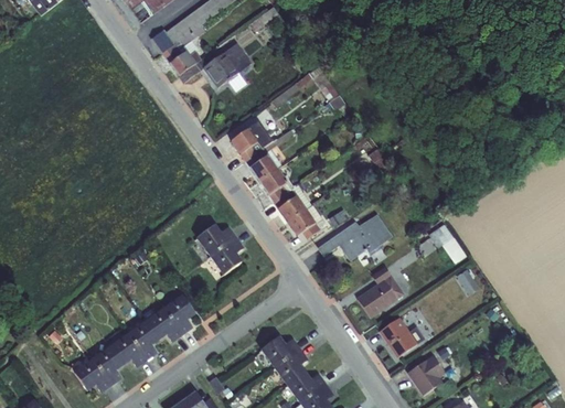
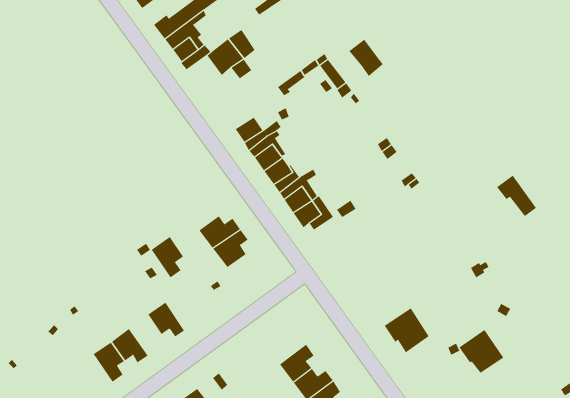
building: none -> [349,39,383,77]
building: [318,214,392,260] -> none
building: [427,223,467,264] -> [496,175,537,217]
building: [355,266,405,318] -> none
building: [163,294,195,335] -> [151,236,184,278]
building: [128,320,159,359] -> none
building: [259,335,300,368] -> none
building: [405,353,449,396] -> [459,329,504,374]
building: [73,358,111,393] -> none

